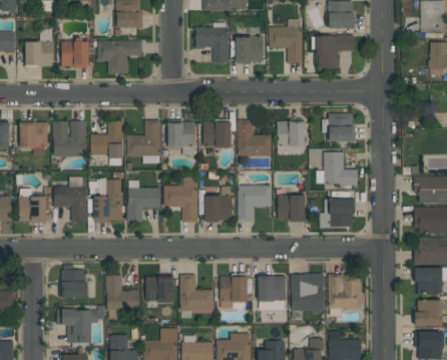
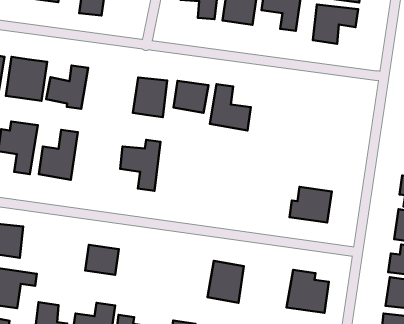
building: [328,113,355,141] -> none
building: [126,119,161,156] -> none
building: [277,121,305,147] -> none
building: [317,152,358,185] -> none
building: [127,181,160,222] -> none
building: [238,186,272,222] -> none
building: [204,187,233,221] -> none
building: [278,196,305,221] -> none
building: [292,274,325,311] -> none
building: [105,275,139,311] -> none
building: [180,275,214,312] -> none
building: [219,275,247,308] -> none

